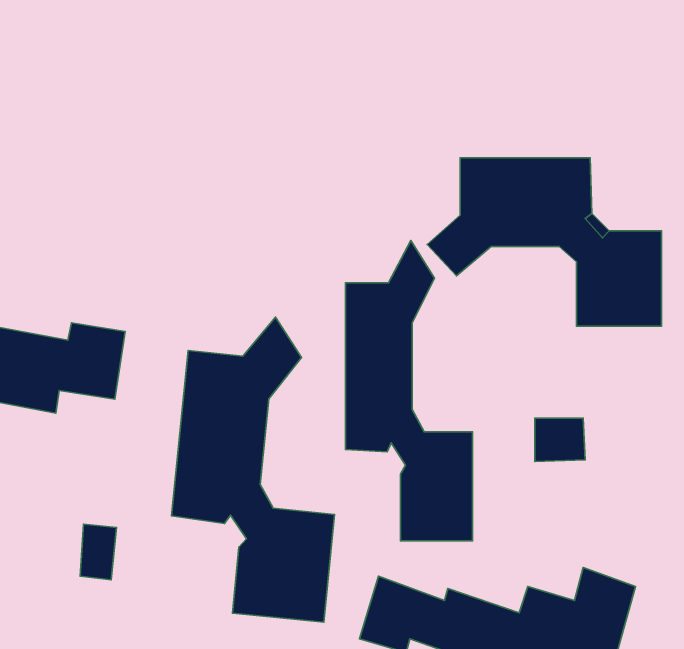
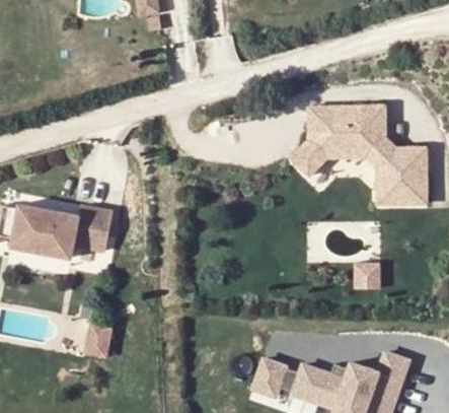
building: [345,240,472,541] -> none
building: [172,317,335,622] -> none

